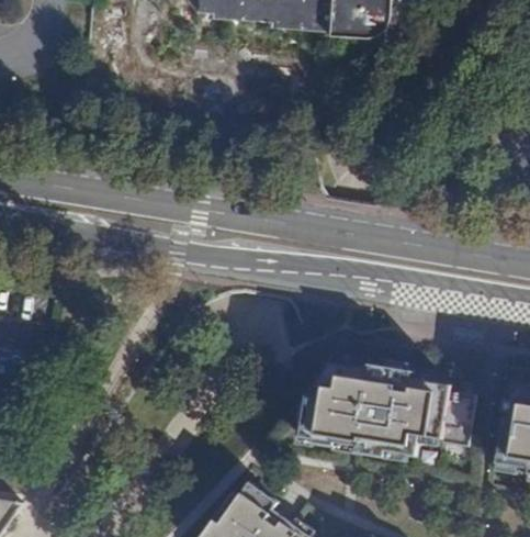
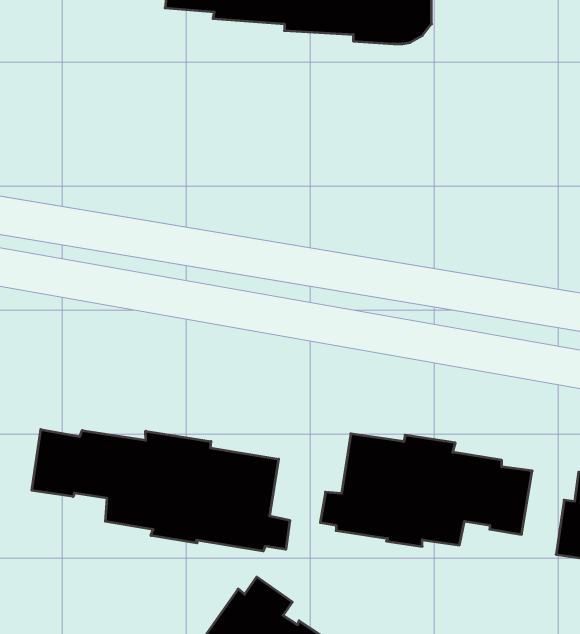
building: none -> [32,429,290,551]

